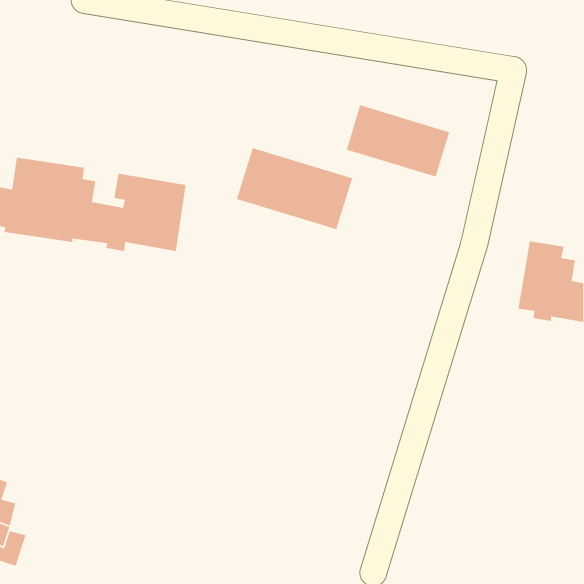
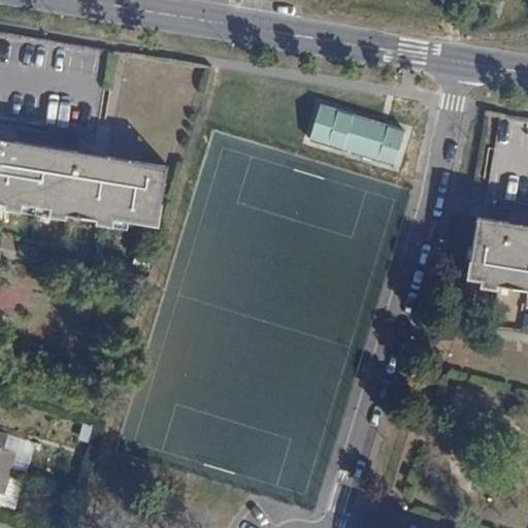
building: [236,147,353,230] -> none

